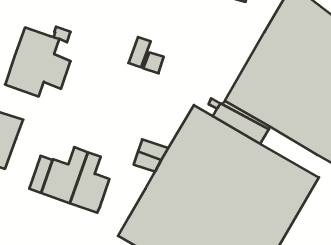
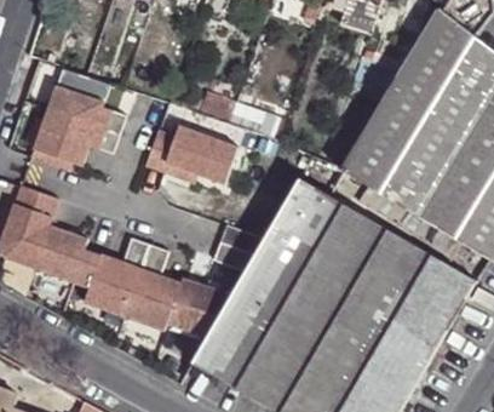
building: none -> [145,126,236,184]
building: none -> [34,224,87,280]
building: none -> [167,276,231,336]

